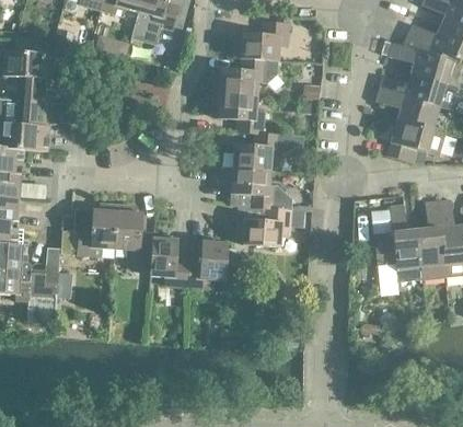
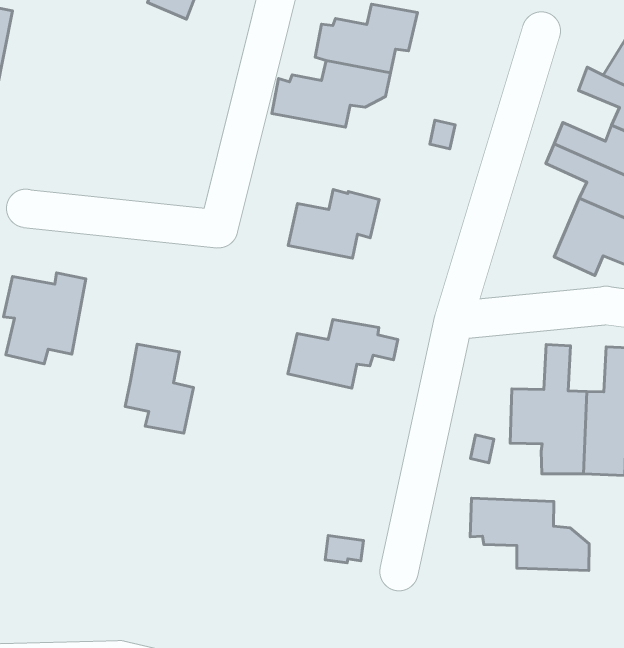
building: [211,94,264,135] -> none
building: [224,169,291,210] -> none
building: [115,205,153,261] -> none
building: [186,242,240,289] -> none
building: none -> [470,498,589,571]

